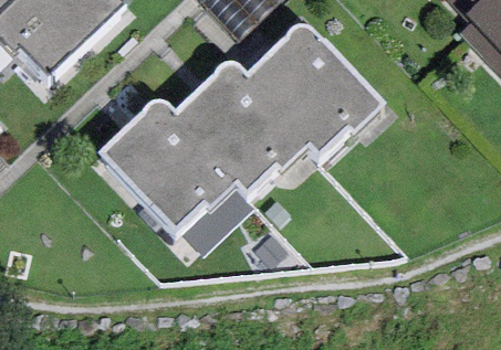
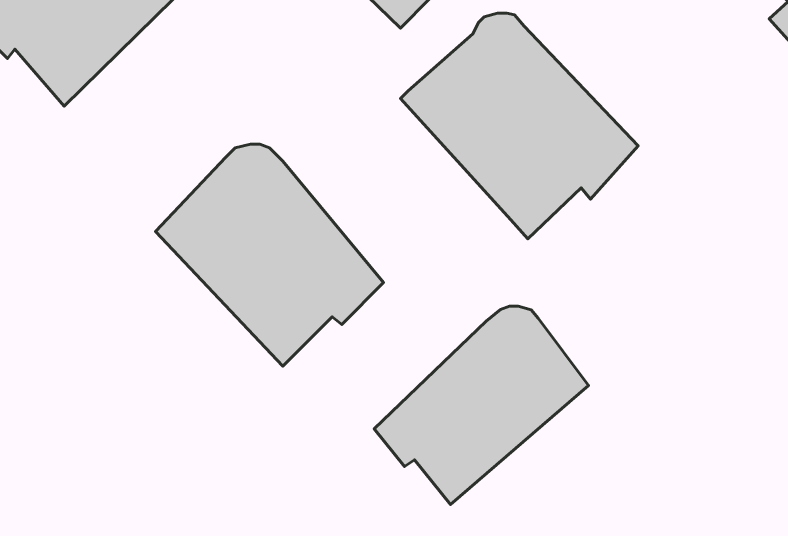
building: [175,64,307,197] -> none
building: none -> [374,306,589,505]

